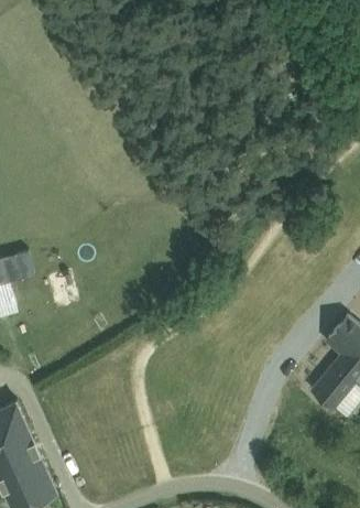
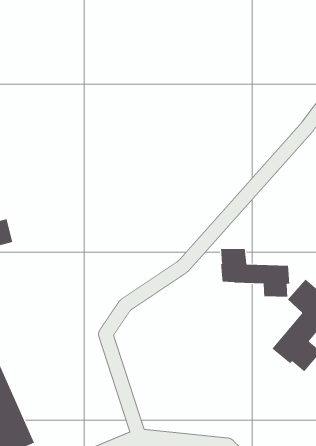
building: none -> [220,248,290,297]

